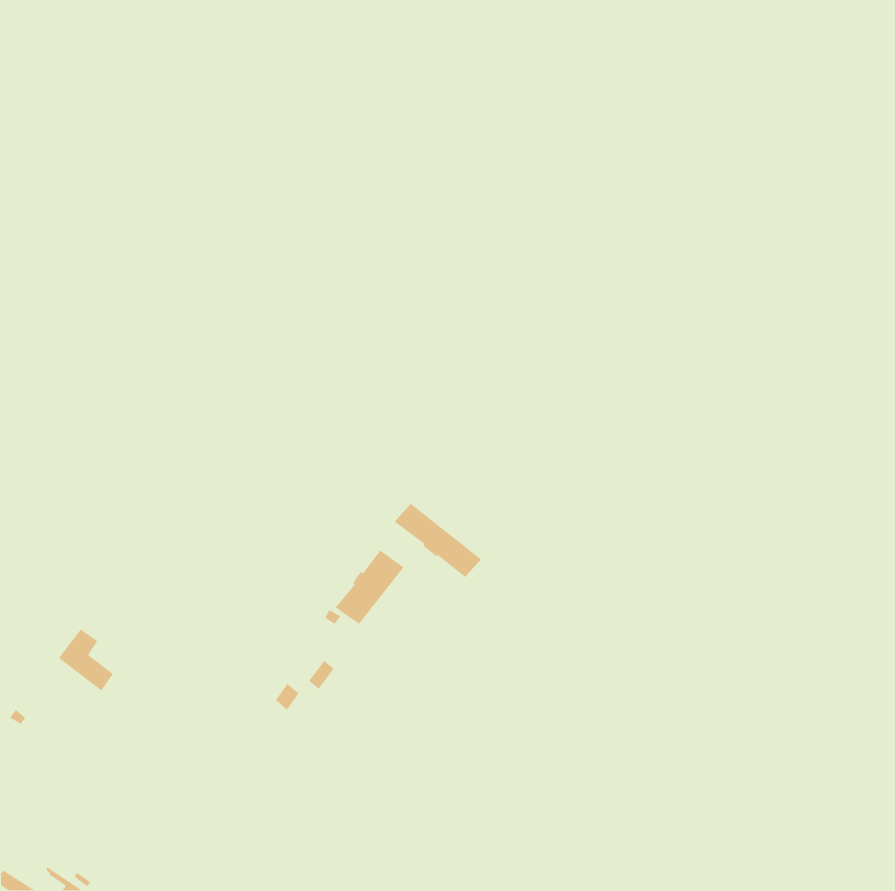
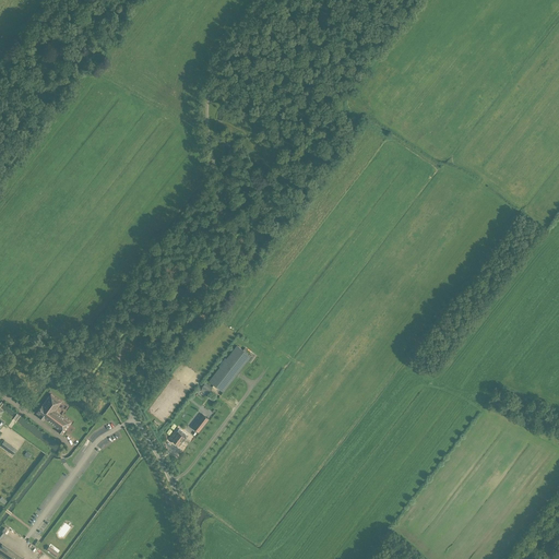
building: [394,503,482,578] -> none

